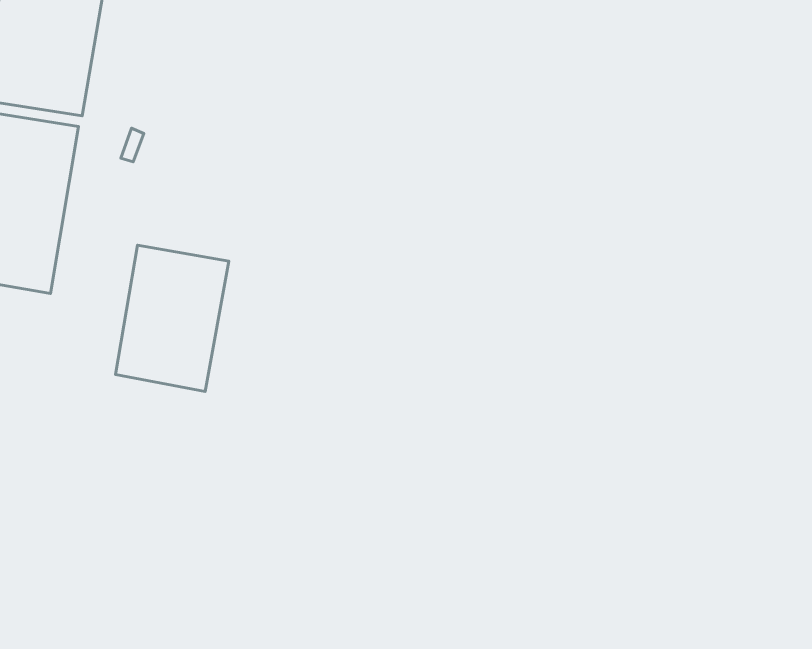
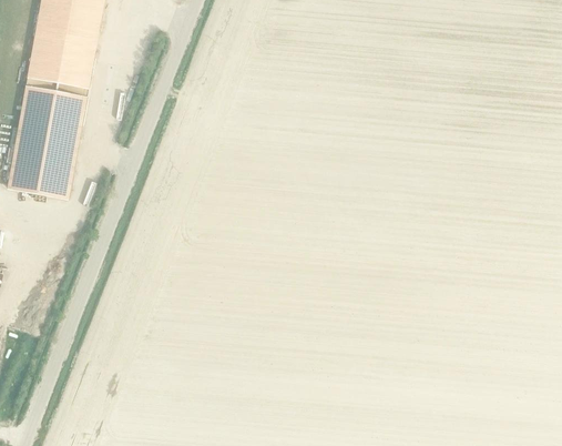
building: [116,245,229,391] -> none

